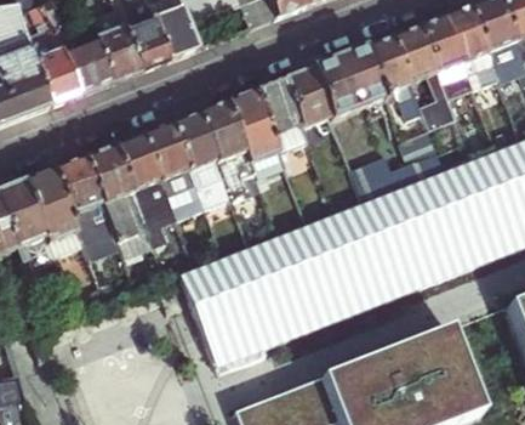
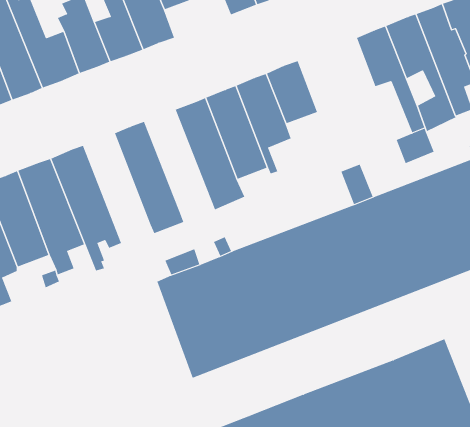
building: [316,46,394,118] -> none
building: [176,112,240,208] -> none
building: [120,134,181,244] -> none

